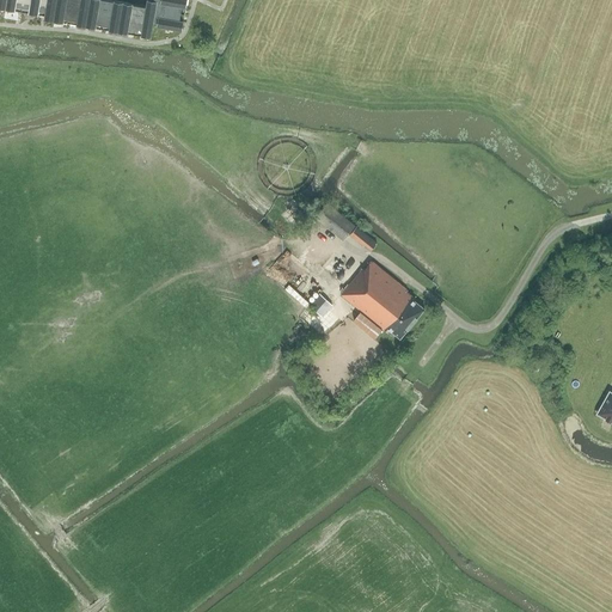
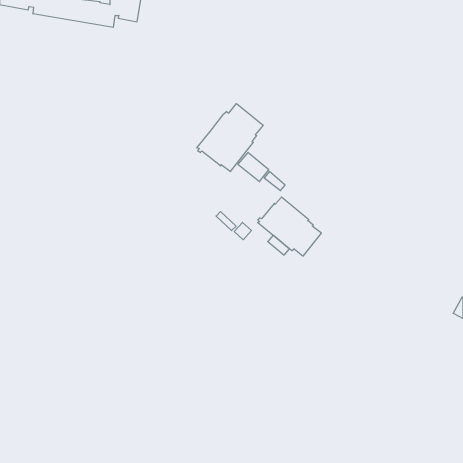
building: none -> [197,104,263,172]

